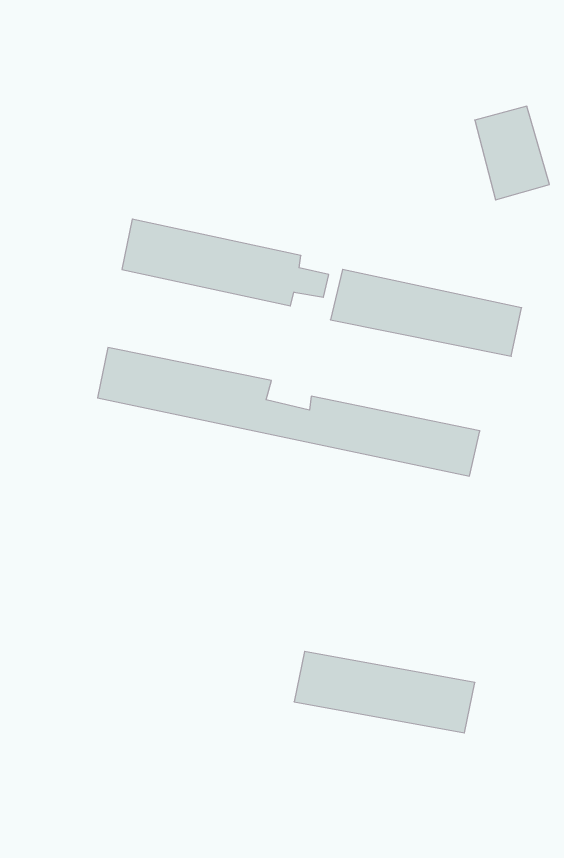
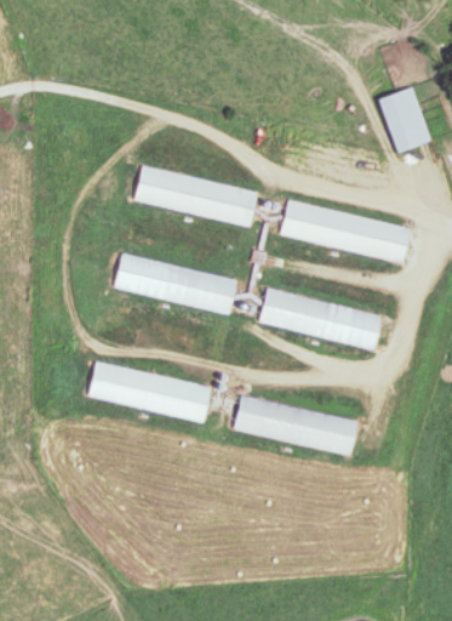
building: none -> [85,363,210,420]
building: [294,651,475,733] -> [233,397,359,454]

